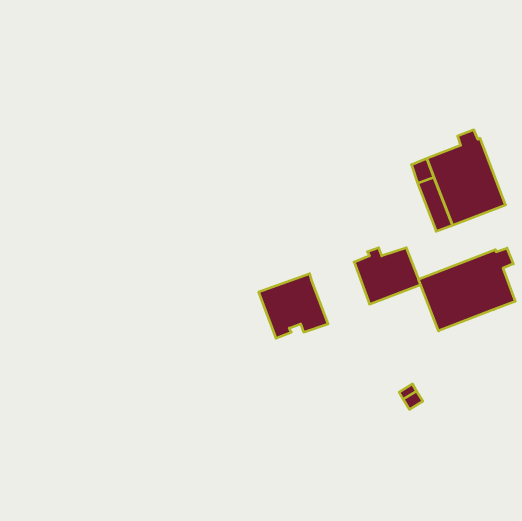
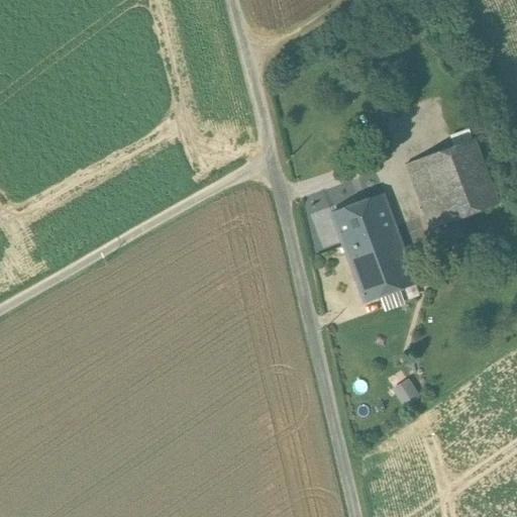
building: [419,248,515,331] -> none
building: [259,274,328,338] -> [332,195,401,258]

